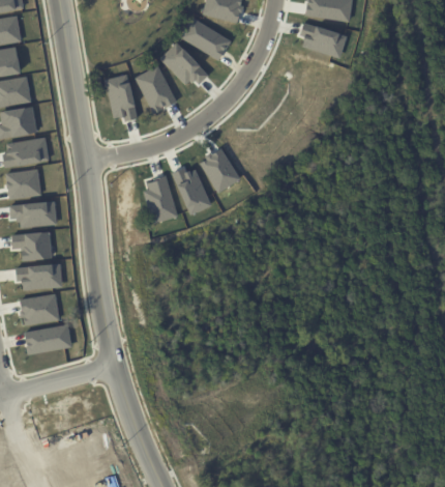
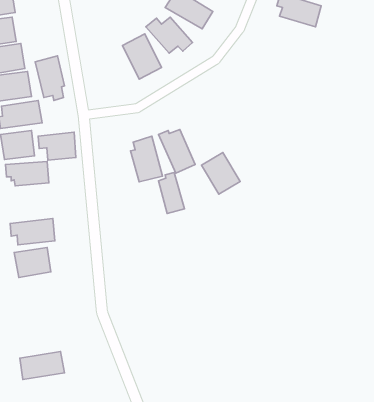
building: [105,74,136,121] -> [35,56,64,100]
building: [199,149,240,194] -> [202,152,240,194]
building: none -> [158,172,185,213]
building: [11,231,52,261] -> [38,132,76,160]
building: [24,324,71,354] -> [20,351,64,380]

